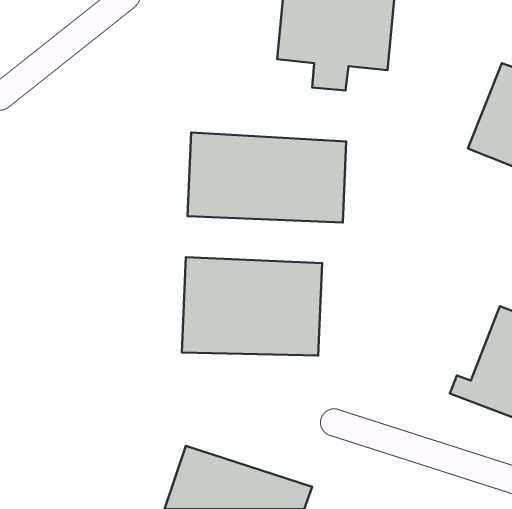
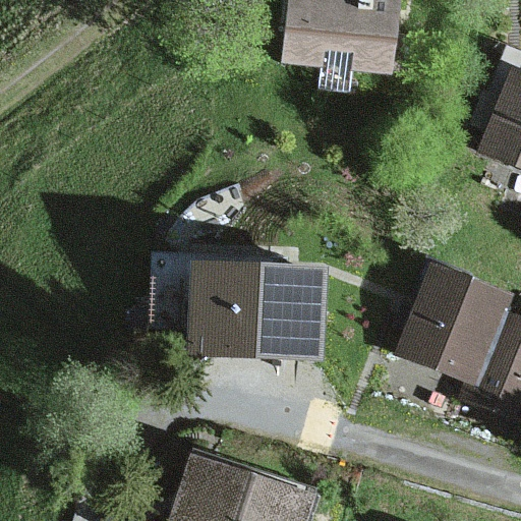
building: [188,132,346,222] -> none
building: none -> [394,259,515,386]

